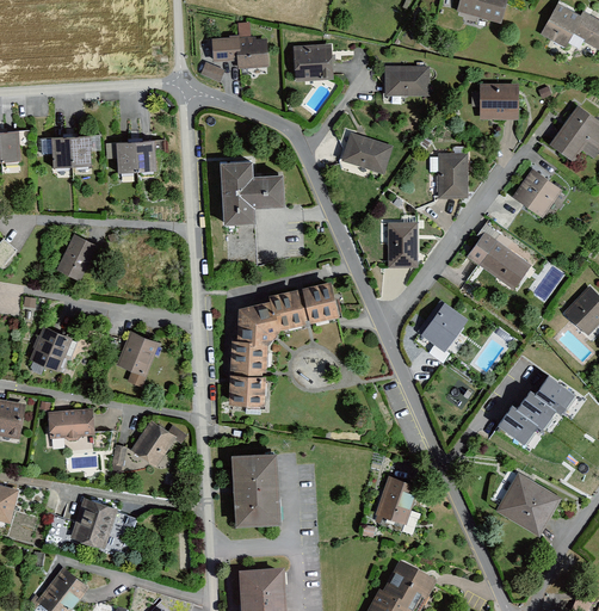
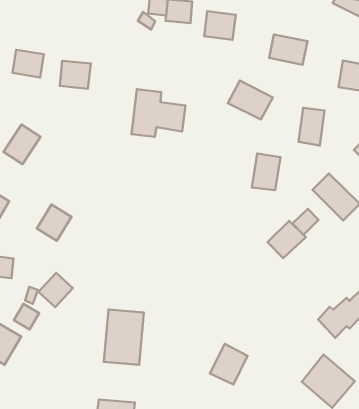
building: none -> [293,209,319,235]
building: [226,286,338,408] -> none
building: none -> [14,304,39,329]

